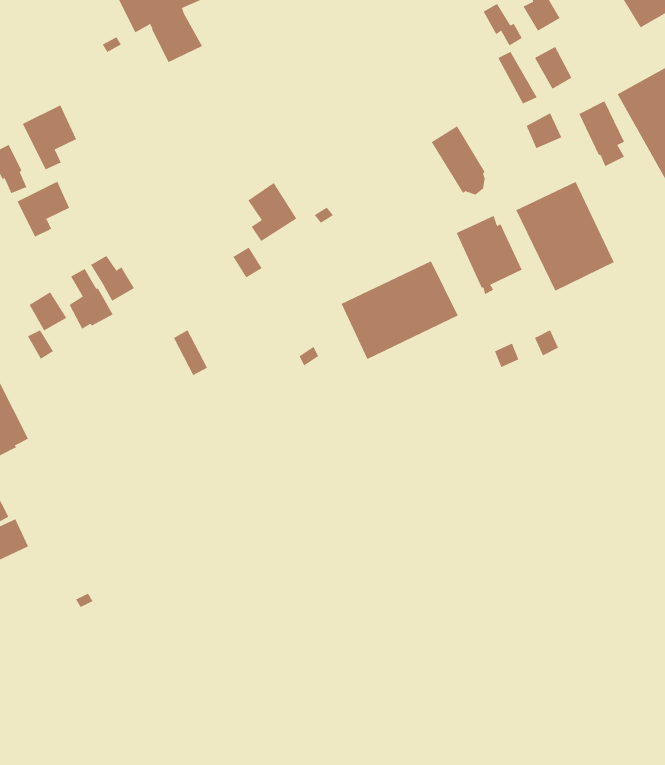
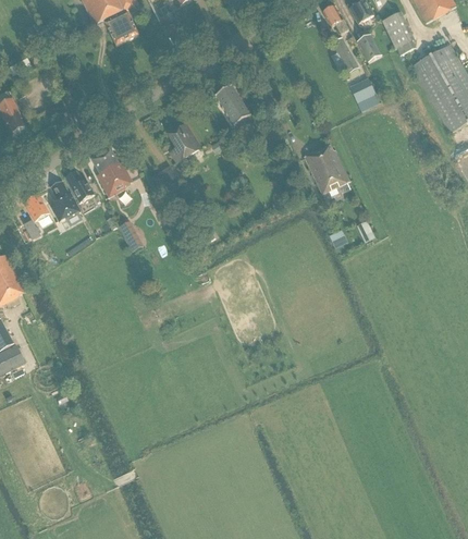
building: [578,101,625,167] -> [382,11,412,54]
building: [22,104,77,170] -> none
building: [431,125,486,195] -> [214,85,250,131]
building: [17,181,70,237] -> none
building: [515,181,614,292] -> none
building: none -> [93,148,132,196]
building: [341,260,459,360] -> none

